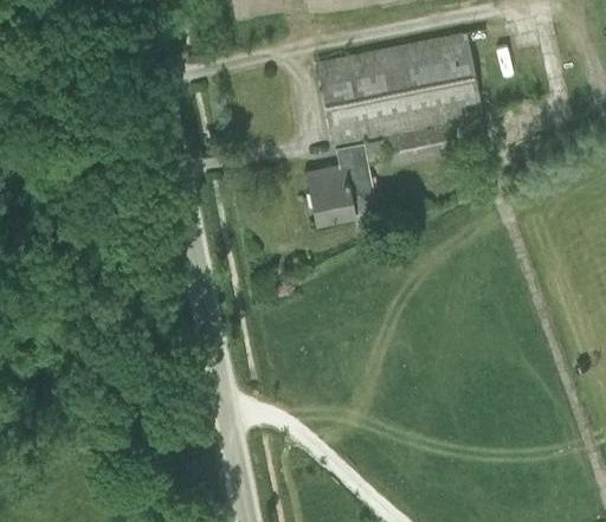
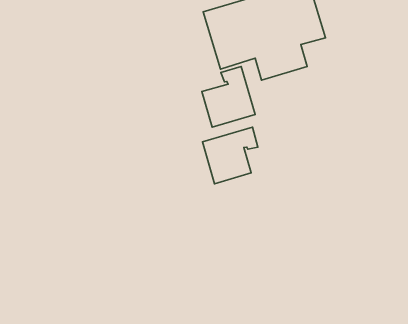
building: none -> [202,127,258,184]

